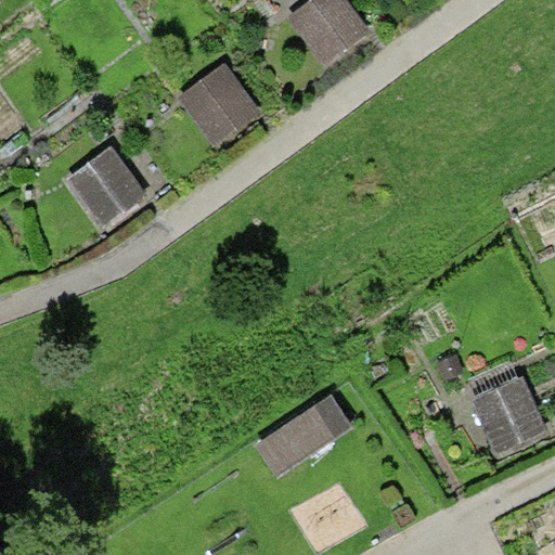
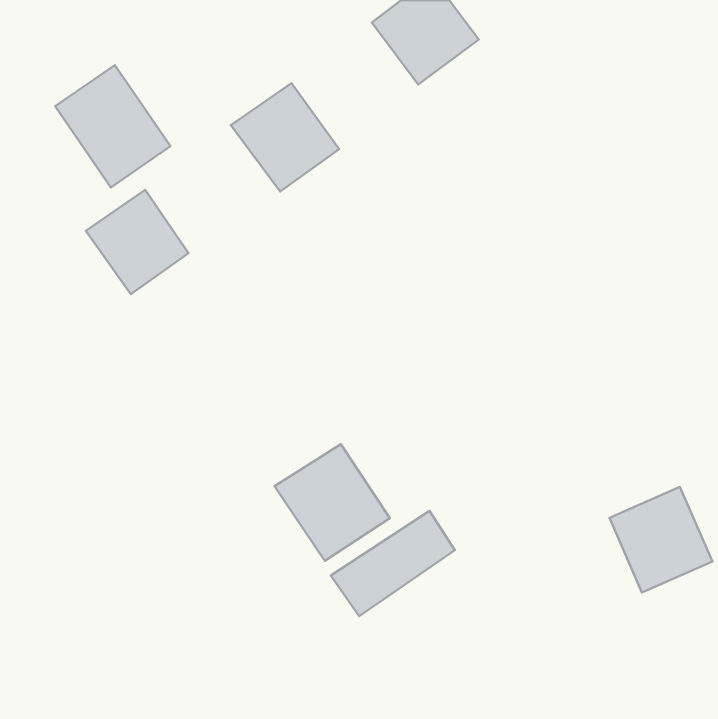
building: none -> [55,65,171,187]
building: none -> [275,444,390,561]

